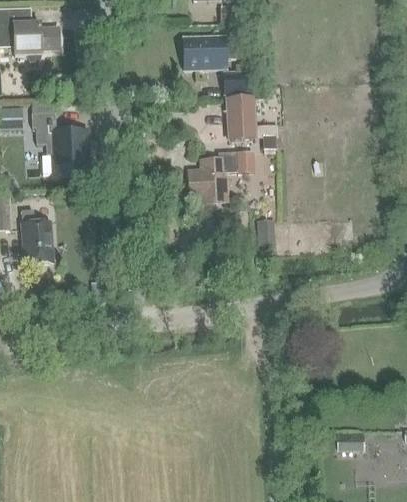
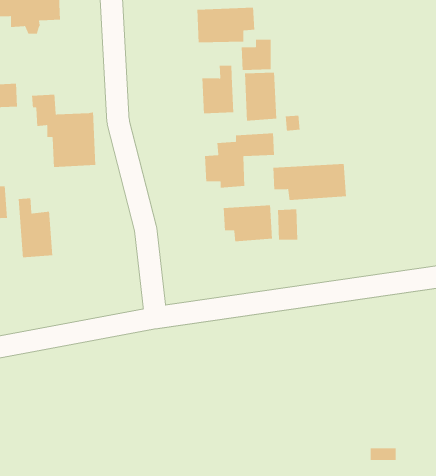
building: none -> [202,65,234,114]
building: none -> [273,163,347,201]
building: none -> [223,205,273,242]

